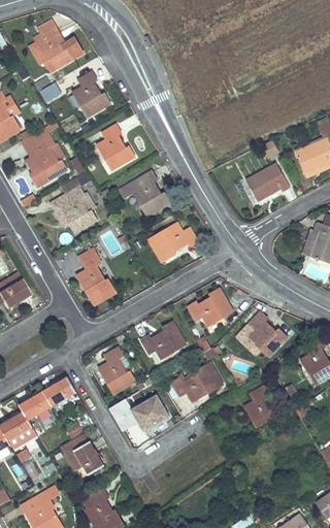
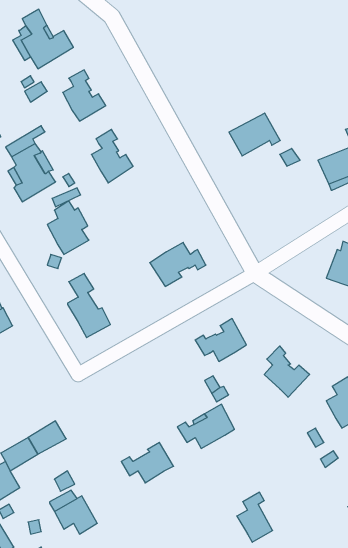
building: [244,163,289,200] -> [229,113,280,156]
building: [120,170,169,214] -> none
building: [141,322,186,358] -> none
building: [99,348,135,393] -> none
building: [244,386,275,429] -> [237,492,273,542]

